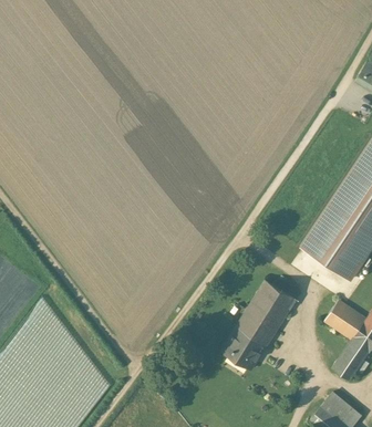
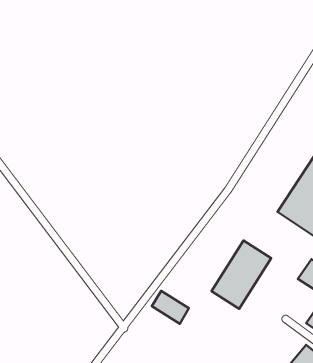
building: [220,335,260,371] -> [152,291,189,324]

